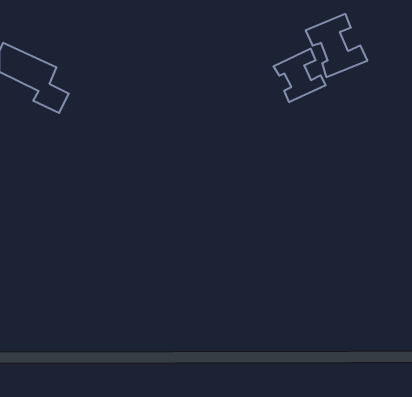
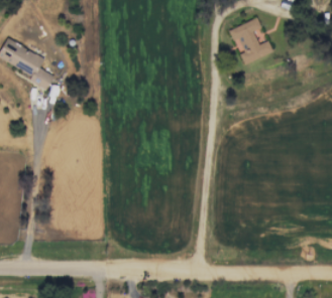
building: [273,49,326,102] -> none

